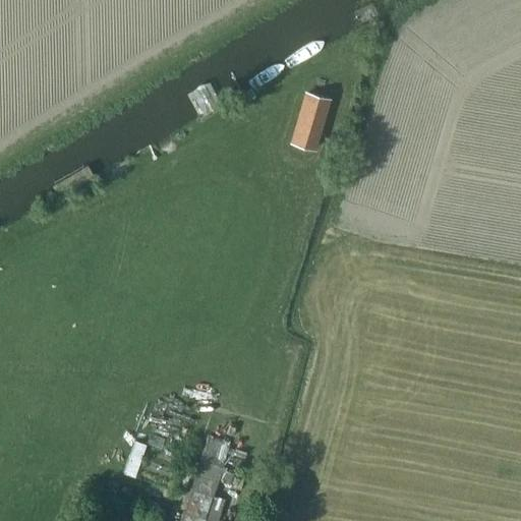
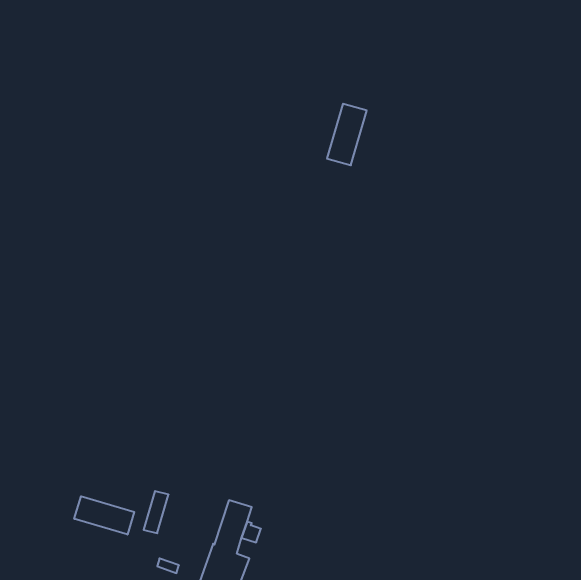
building: none -> [74,496,134,535]

